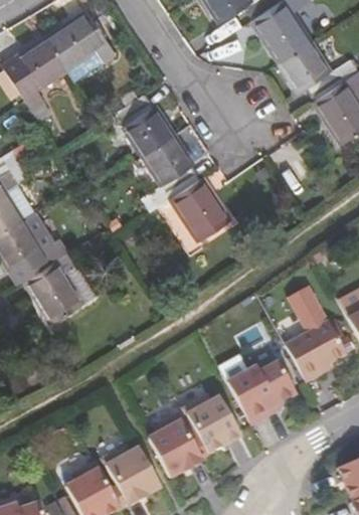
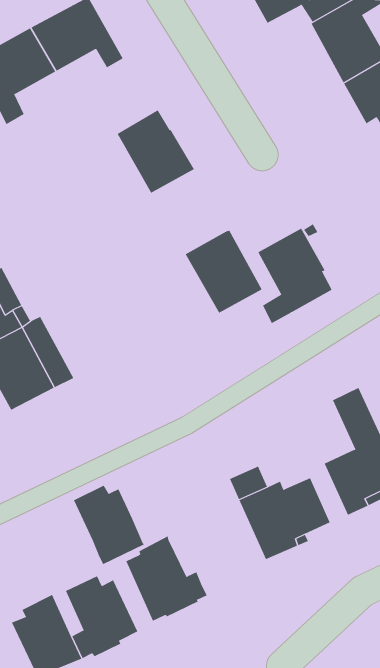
building: [144,135,201,207] -> [258,228,332,324]
building: [181,390,236,450] -> [73,485,145,565]

